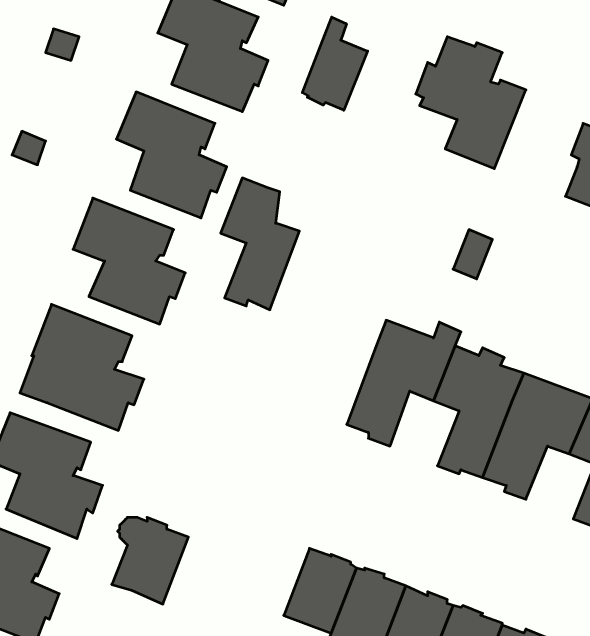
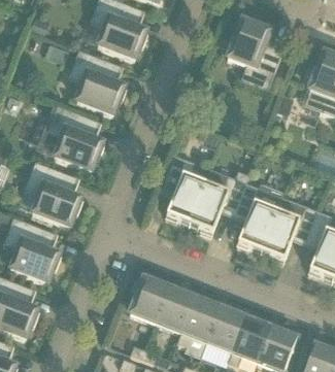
building: [302,17,368,110] -> none
building: [221,178,299,310] -> [163,154,204,223]
building: [112,517,188,604] -> [129,277,169,323]

